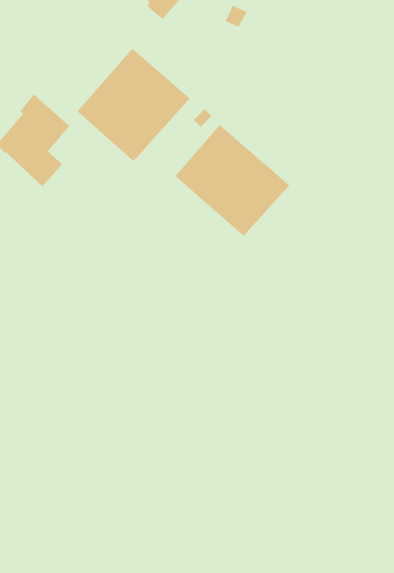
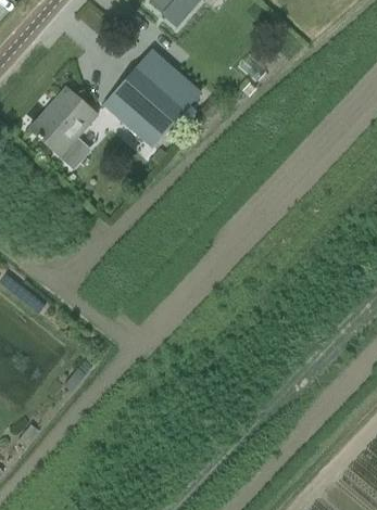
building: [175,124,290,237] -> none

